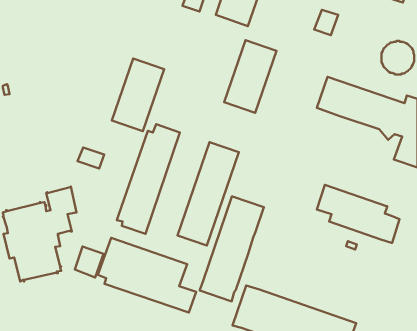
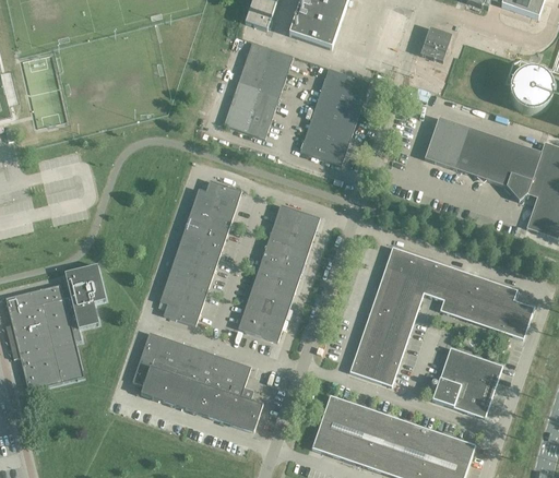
building: [112,58,164,131] -> [224,41,294,139]
building: [78,148,104,168] -> none
building: [200,197,264,301] -> [349,247,435,386]
building: [75,246,103,278] -> none
building: none -> [431,347,503,418]

